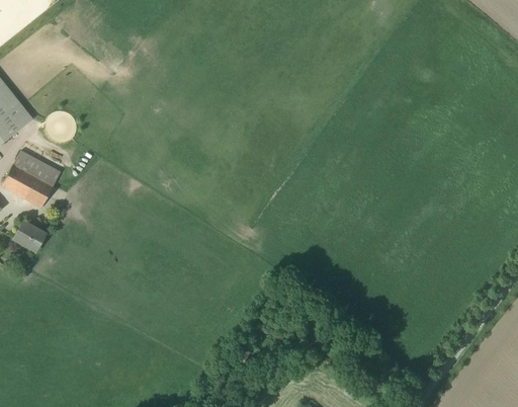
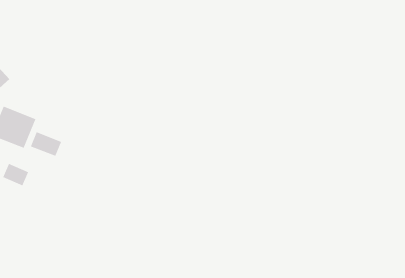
building: none -> [30,131,62,157]

